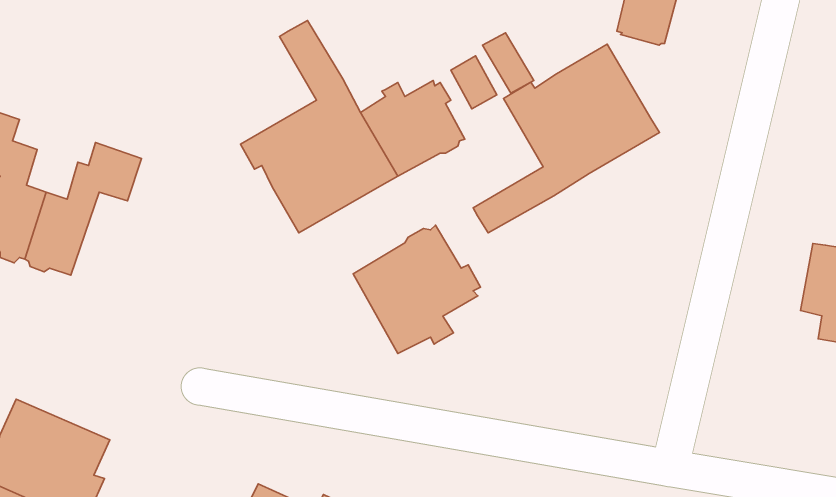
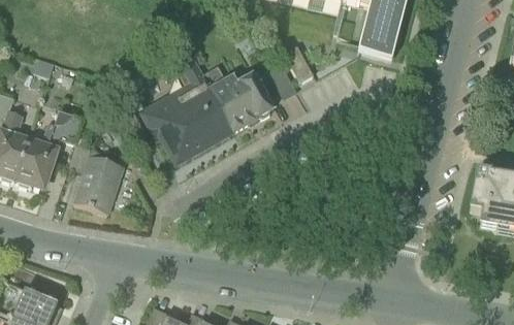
building: [473,44,659,233] -> none
building: none -> [69,119,123,213]
building: [353,225,480,354] -> none

